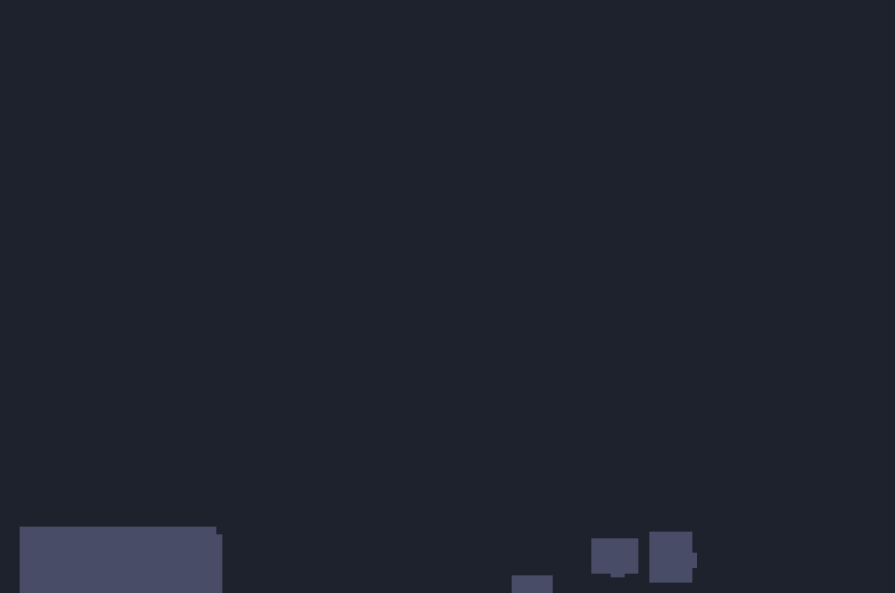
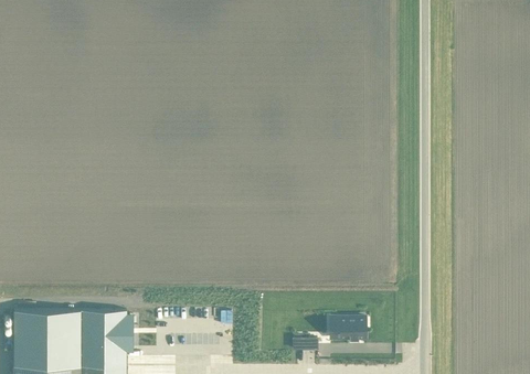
building: [649,531,698,584] -> none

